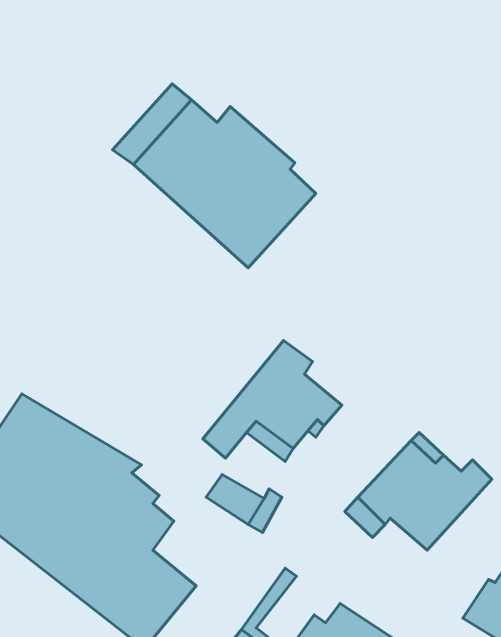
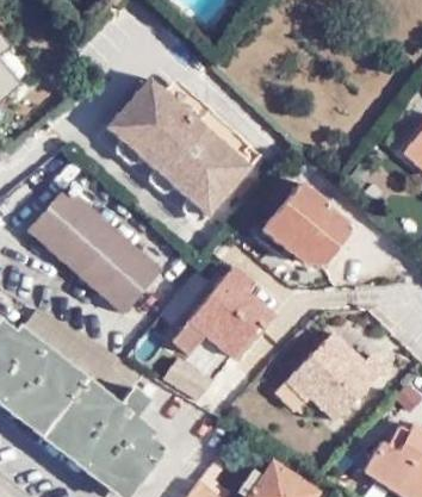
building: none -> [260,185,348,263]
building: none -> [29,188,159,312]

